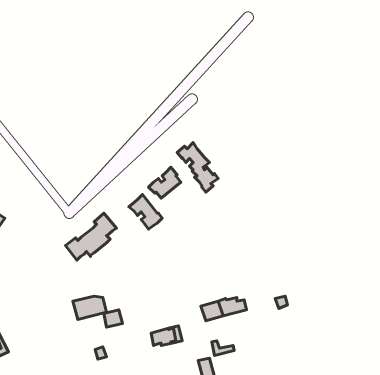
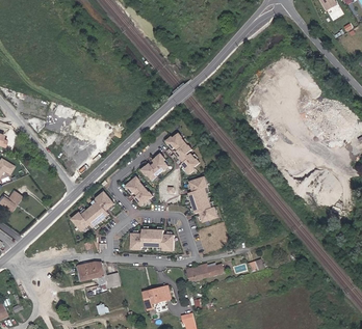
building: none -> [188,176,217,222]
building: none -> [131,229,174,251]

